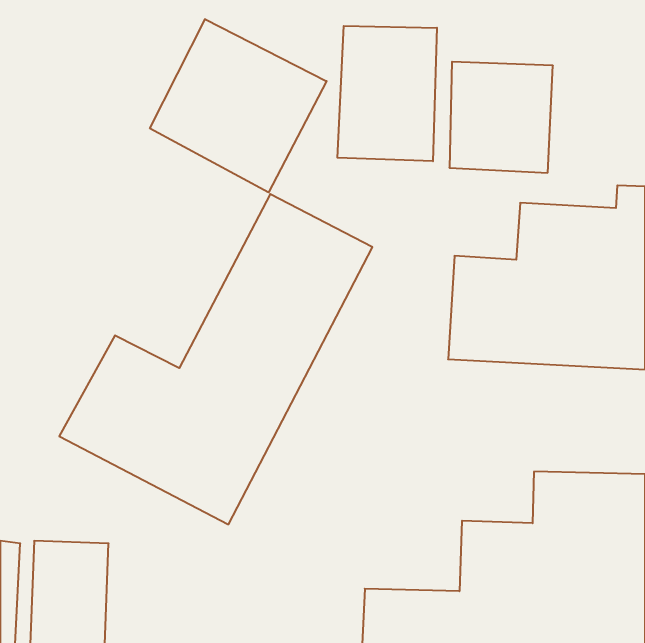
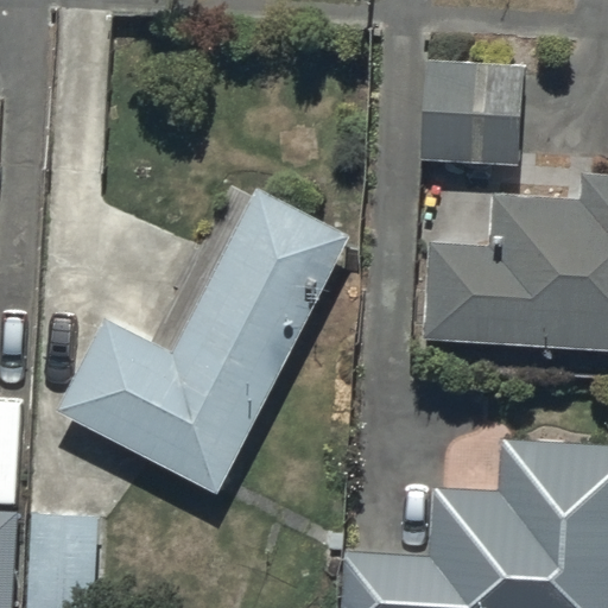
building: [150,19,327,192] -> none
building: [337,26,437,161] -> none

